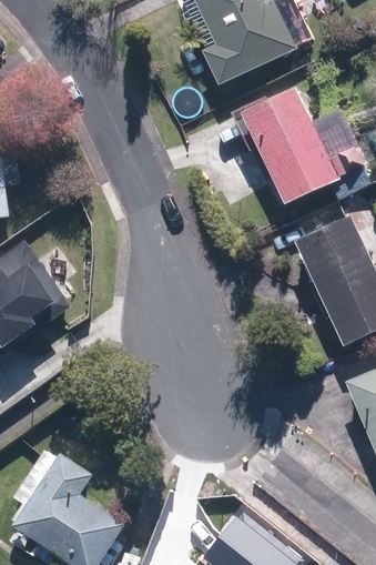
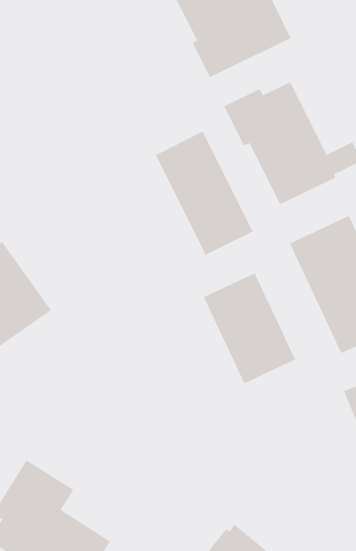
building: none -> [155,131,253,255]
building: none -> [203,273,296,384]

